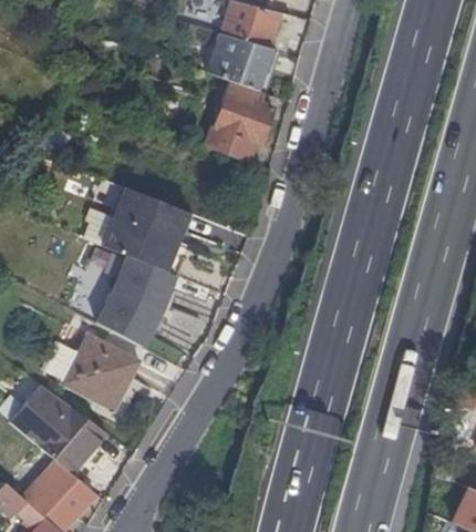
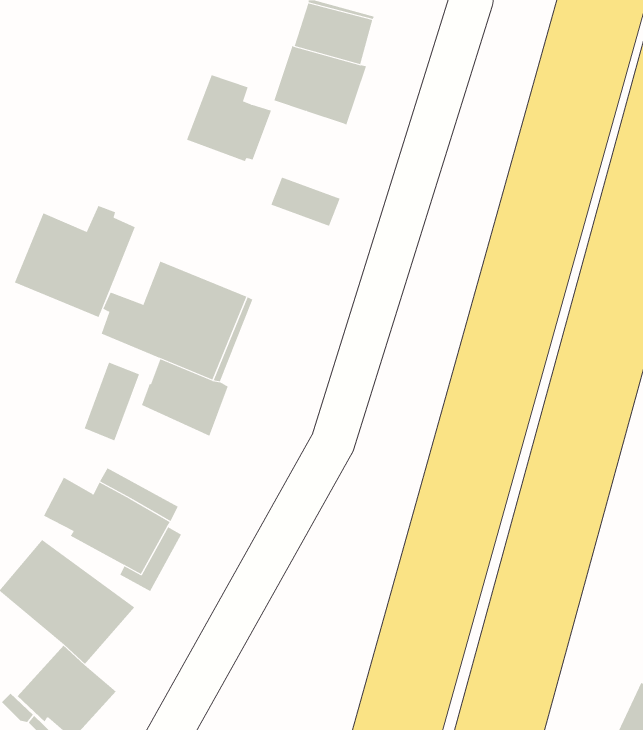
building: [213,80,273,142] -> [186,75,272,162]
building: none -> [14,205,135,318]
building: [96,289,162,347] -> none

